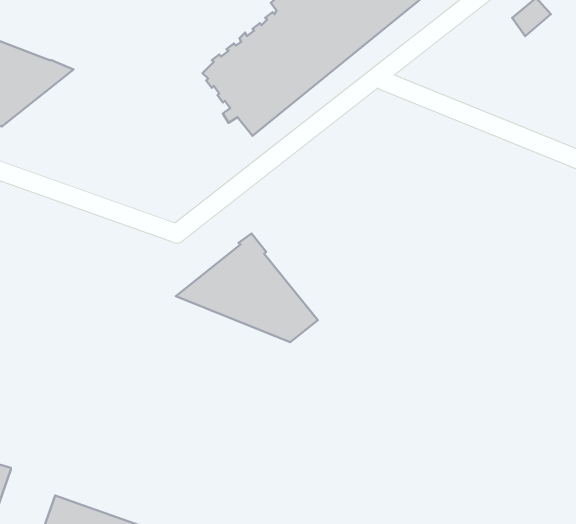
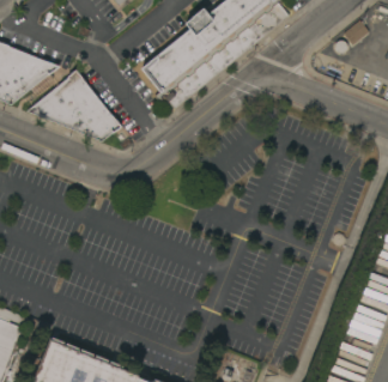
building: [176,233,318,342] -> [28,69,120,140]

